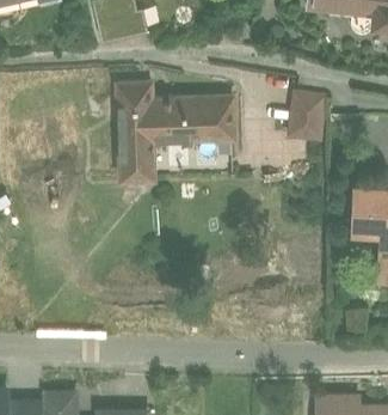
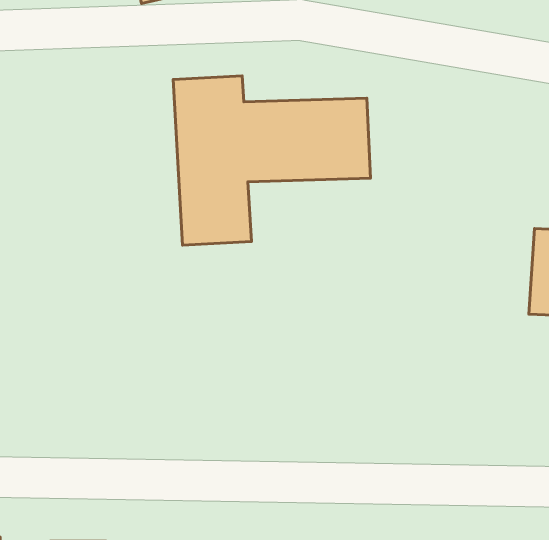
building: [283,90,326,139] -> none

